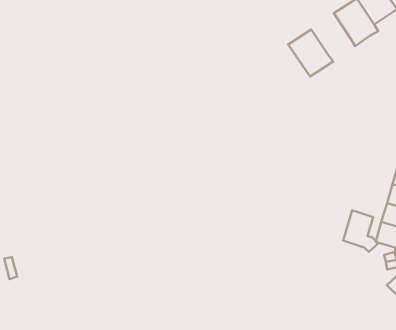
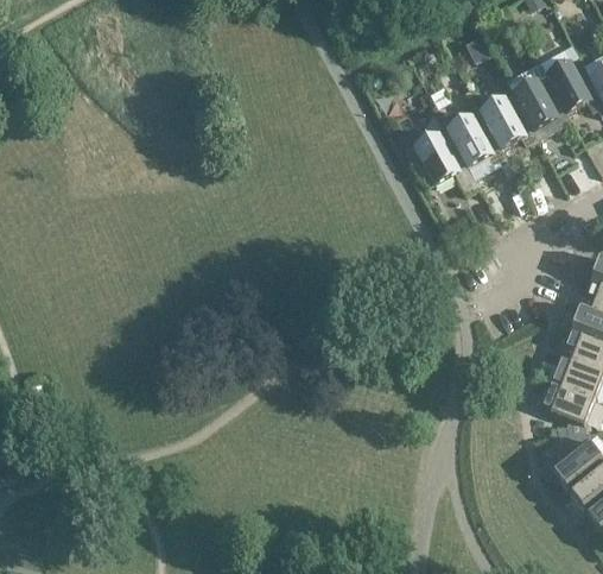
building: none -> [482,86,535,141]
building: none -> [415,122,470,178]
building: [343,210,378,252] -> none

